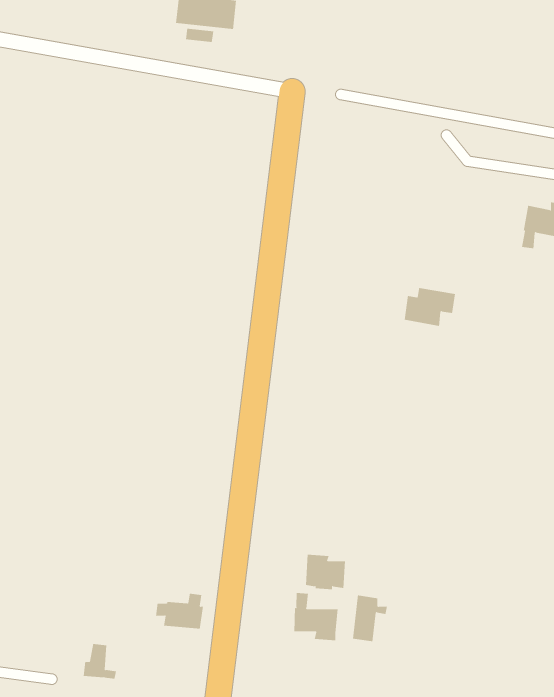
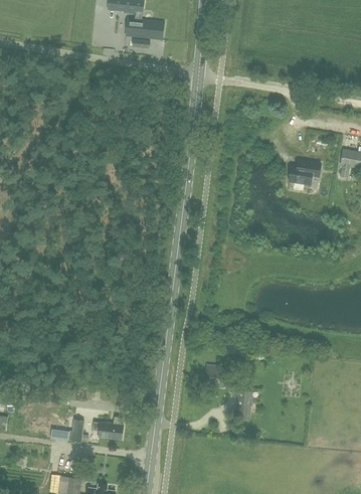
building: [404,287,456,326] -> [288,160,320,184]
building: [294,592,338,641] -> none
building: [155,593,204,629] -> [93,417,123,439]

